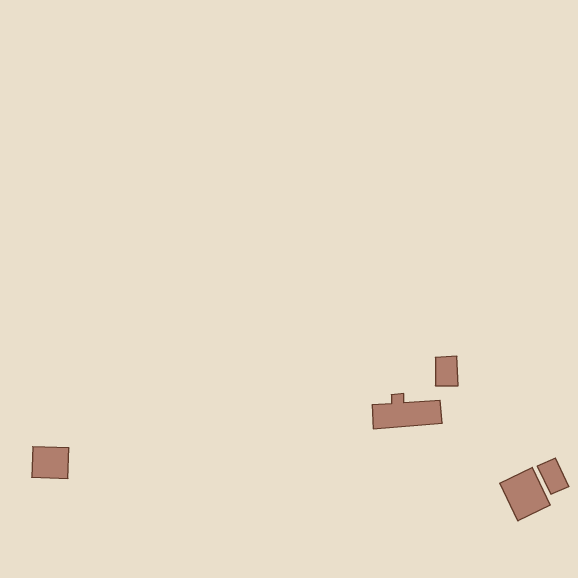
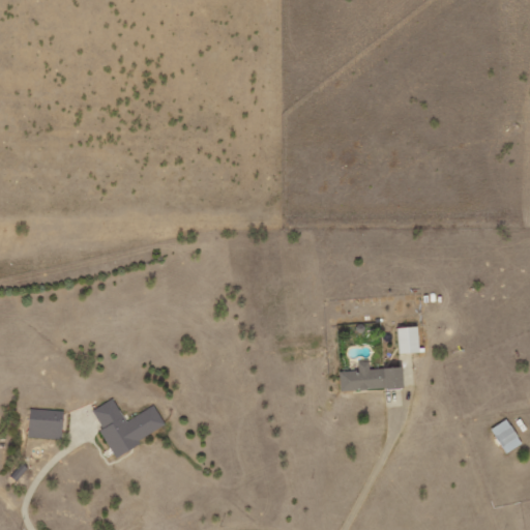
building: none -> [93,399,166,455]
building: [500,467,550,521] -> none

